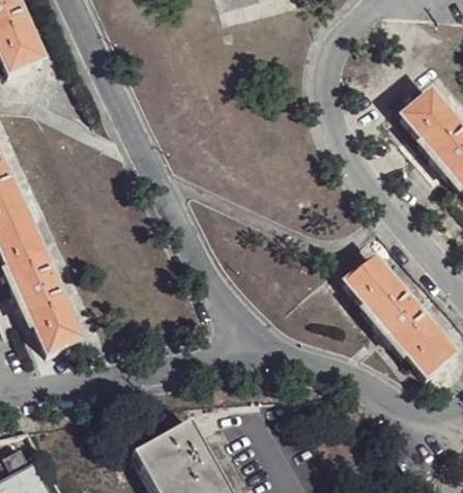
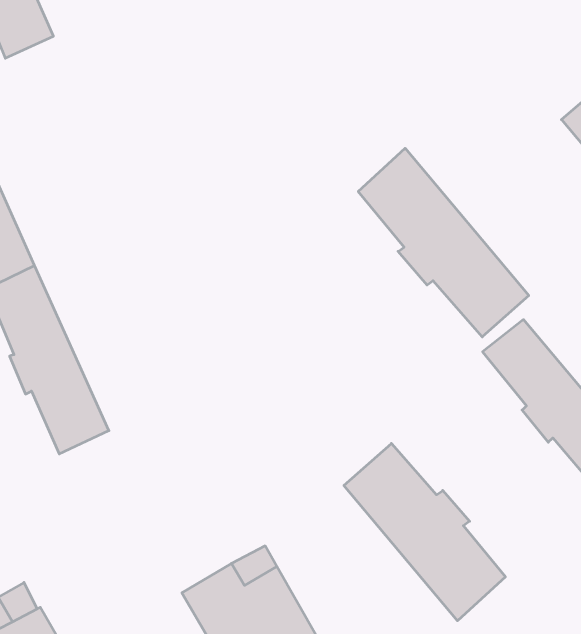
building: none -> [358,148,529,337]
building: none -> [344,443,505,621]

